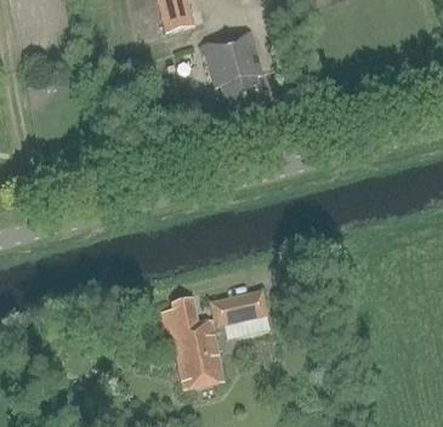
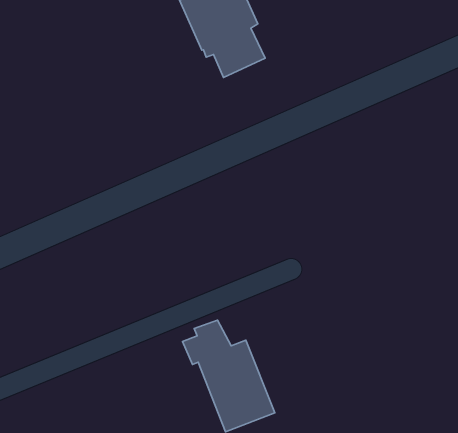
building: [211,290,268,326] -> none

